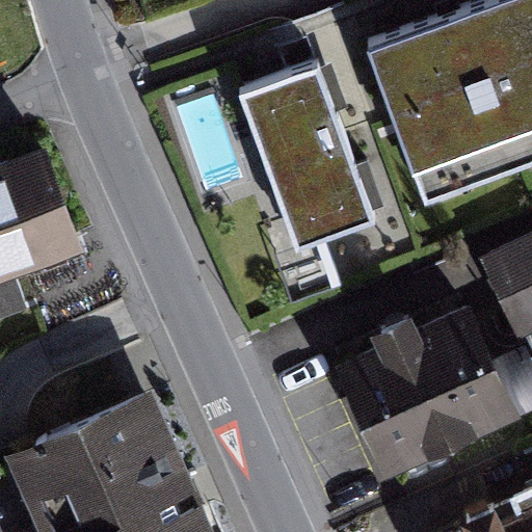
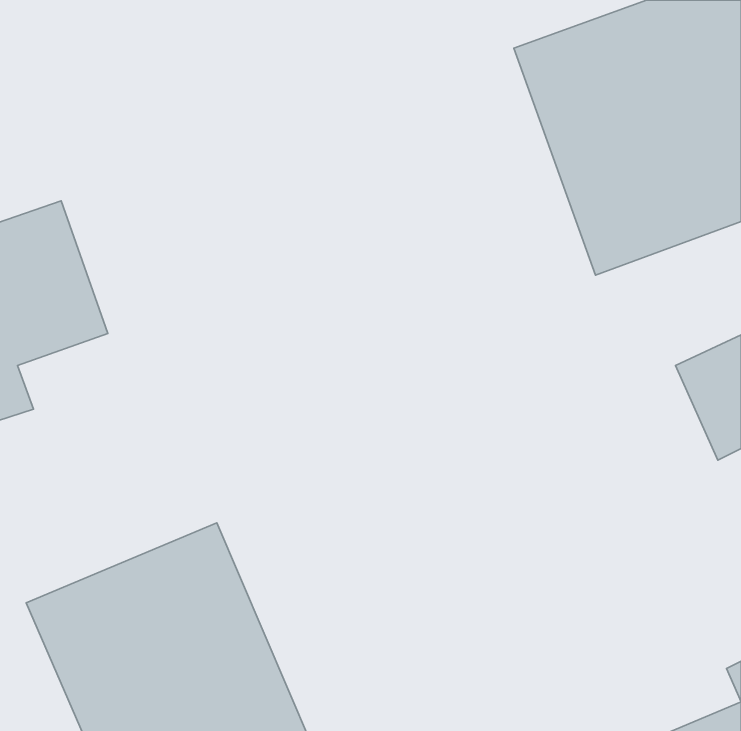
building: [244,71,376,252] -> none
building: [335,312,521,485] -> none

